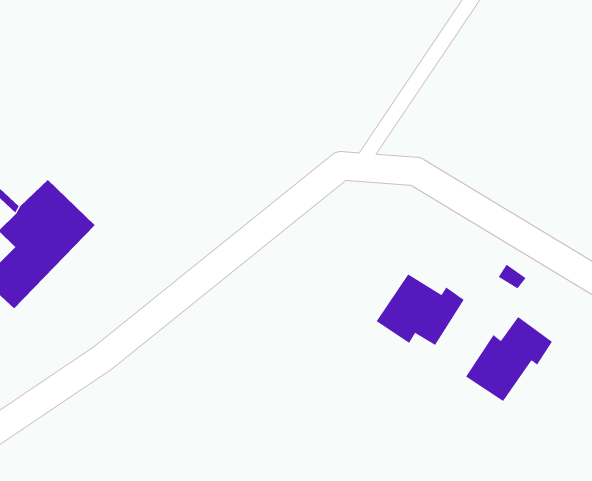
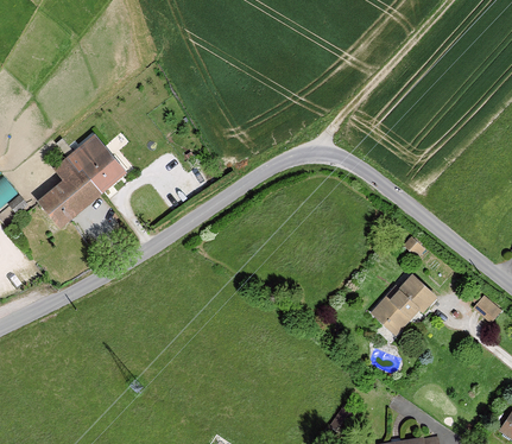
building: [376,273,464,346] -> none

